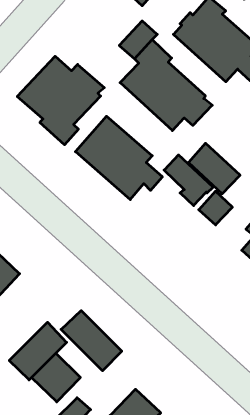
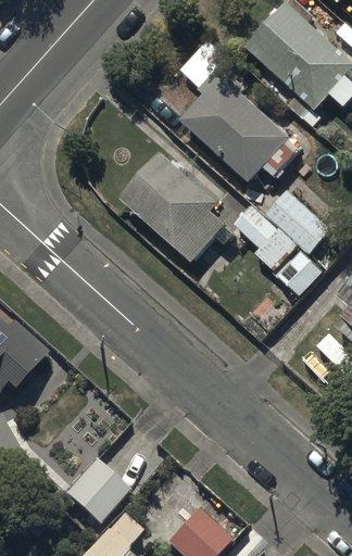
building: [17,56,104,145] -> none
building: [61,311,122,371] -> none
building: [9,322,67,380] -> none

